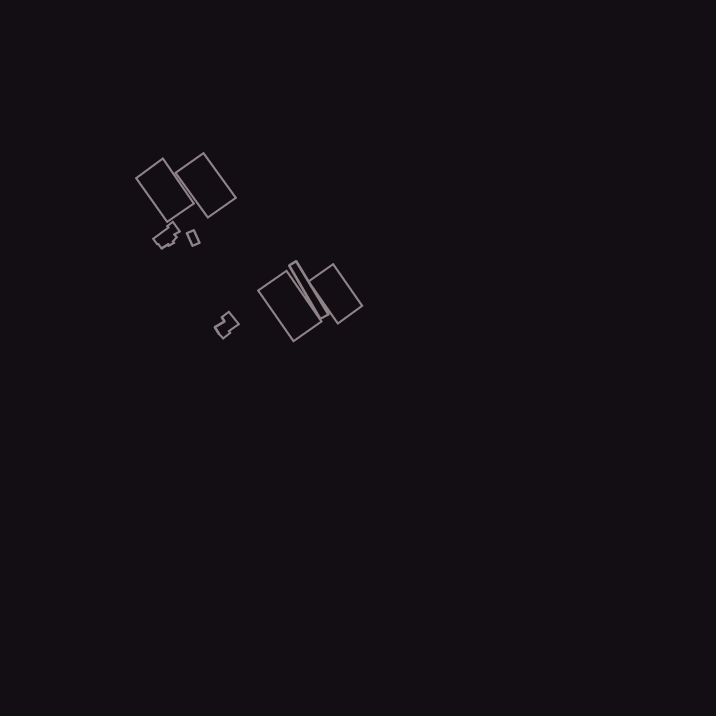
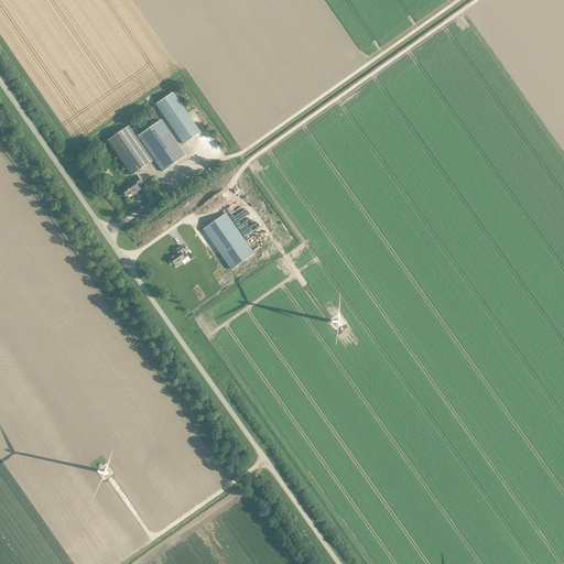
building: none -> [155,93,199,143]
building: [309,264,362,324] -> none

